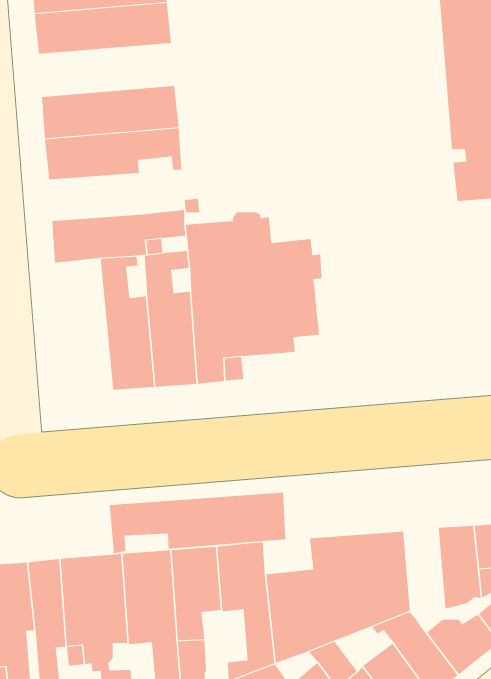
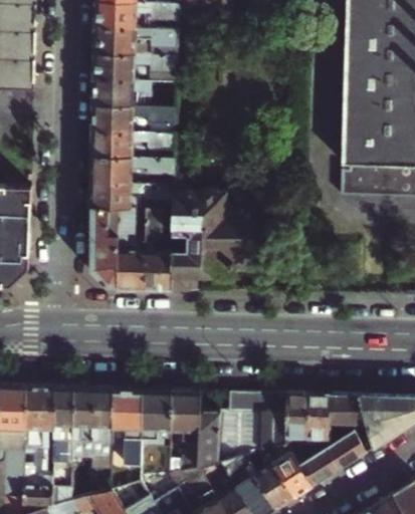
building: none -> [93,79,177,107]
building: none -> [91,157,175,184]
building: none -> [89,208,119,289]
building: [109,492,286,554] -> none
building: none -> [285,395,307,449]

